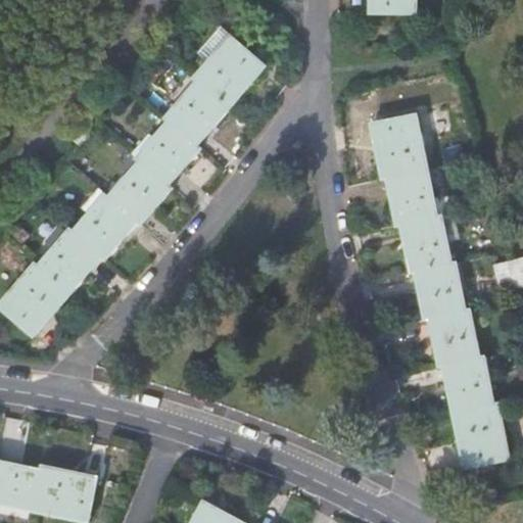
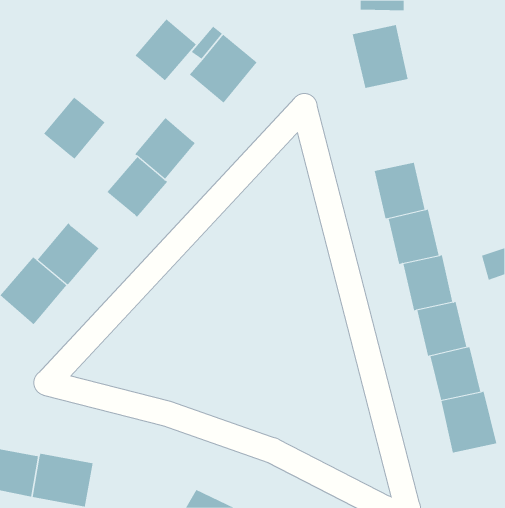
building: [165,80,230,144] -> [134,19,197,81]
building: [368,110,426,177] -> [352,24,408,89]
building: [74,194,138,258] -> [43,97,106,159]

